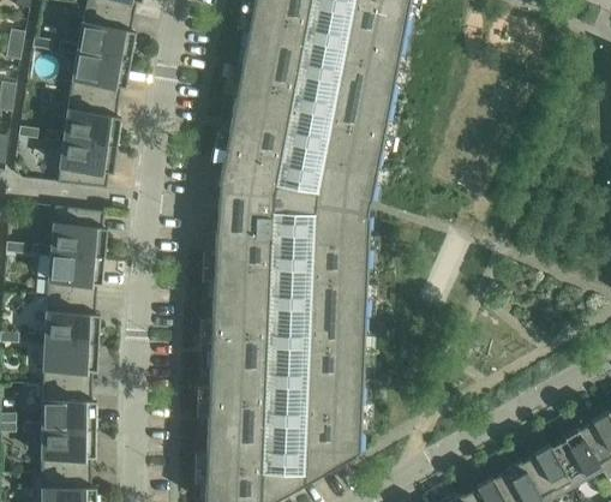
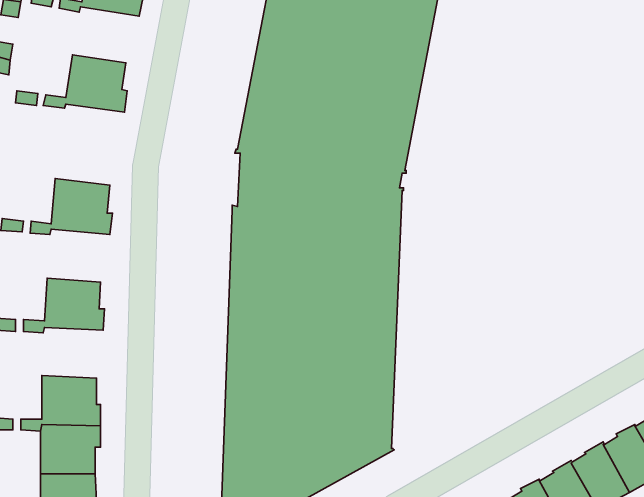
building: [70,50,130,101] -> none
building: [56,138,116,189] -> none
building: [47,251,103,299] -> none
building: [42,340,97,386] -> none

